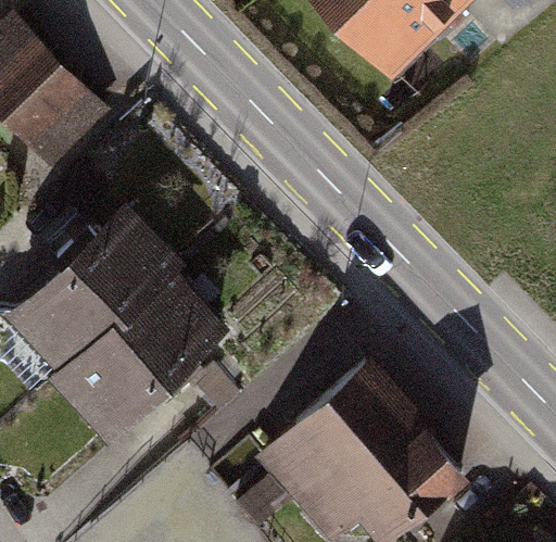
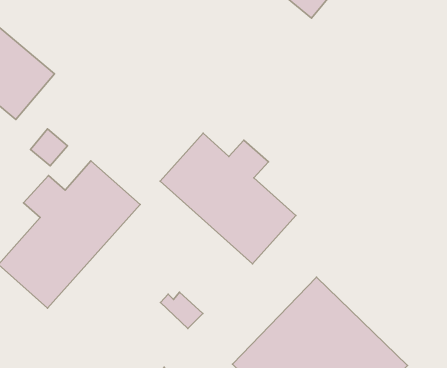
building: none -> [160,133,296,264]
building: [53,276,222,439] -> none

